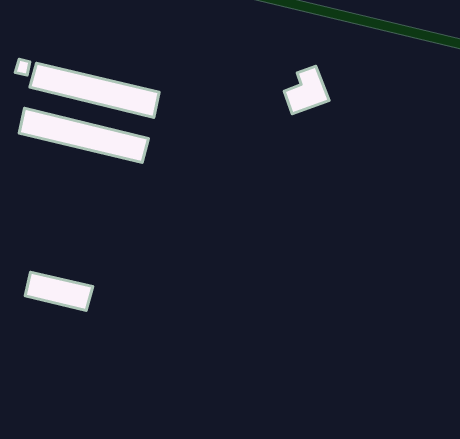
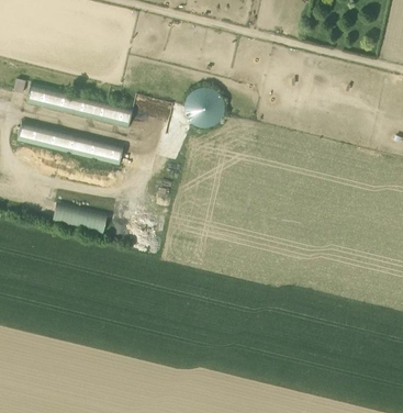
building: [284,66,329,114] -> [190,88,227,127]
building: [25,272,93,310] -> [52,200,108,232]

